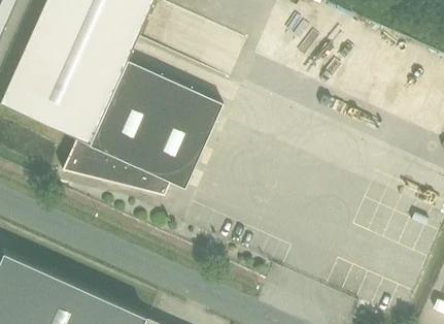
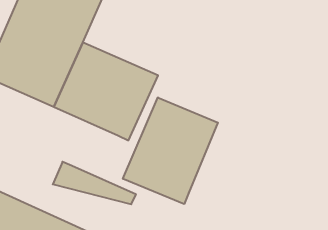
building: none -> [123,97,218,204]
building: [63,140,170,195] -> [53,162,136,204]

